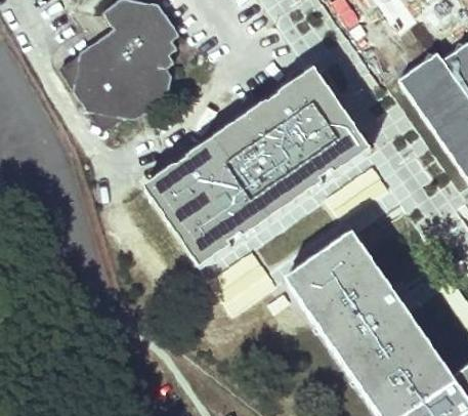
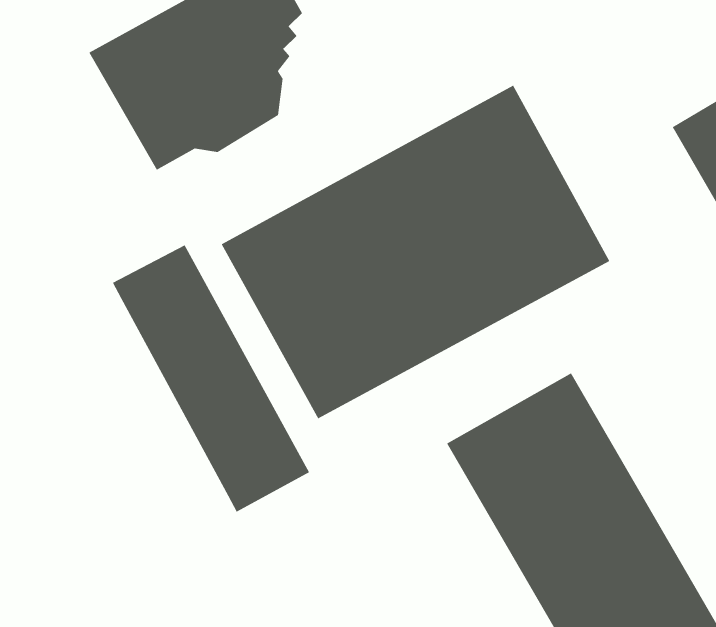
building: none -> [112,244,310,513]

